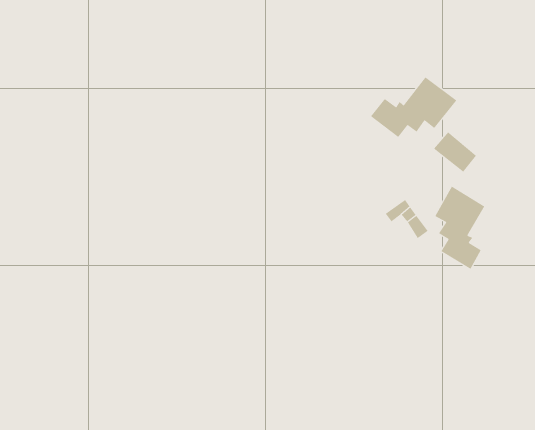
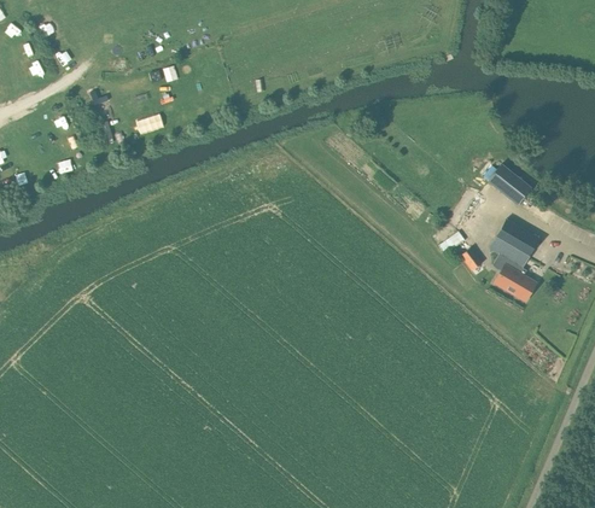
building: [370,76,457,138] -> none

